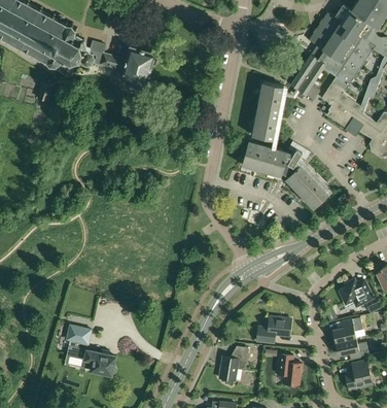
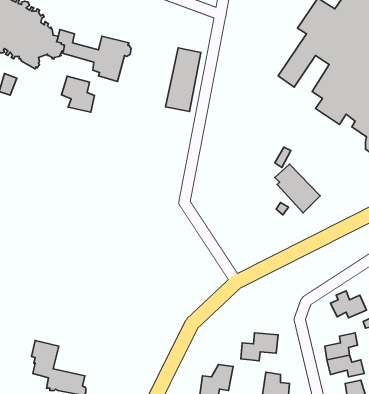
building: [251,81,283,139] -> [166,48,201,111]
building: none -> [61,76,95,112]
building: [241,144,286,174] -> none

